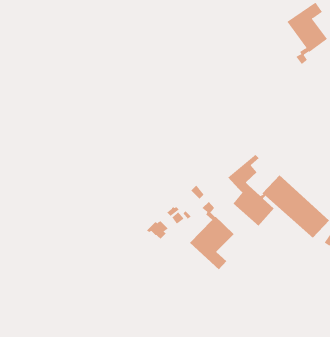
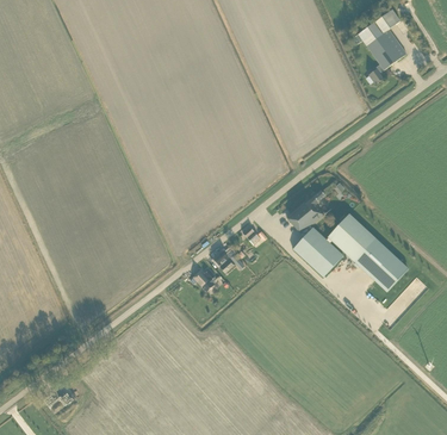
building: [189,201,235,270] -> none

